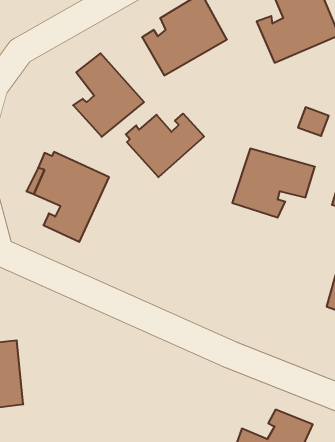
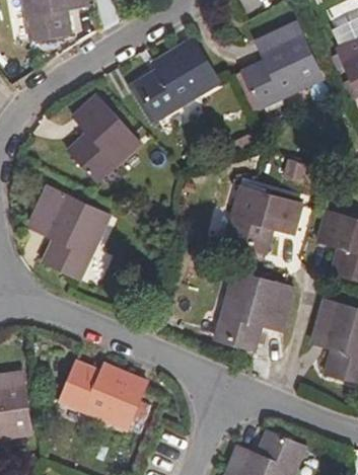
building: [126,114,204,177] -> none
building: none -> [215,274,291,349]
building: none -> [60,366,144,431]

